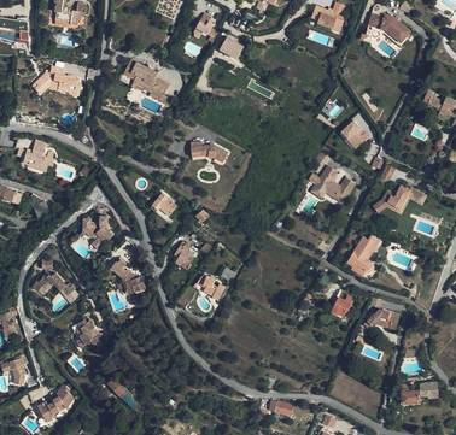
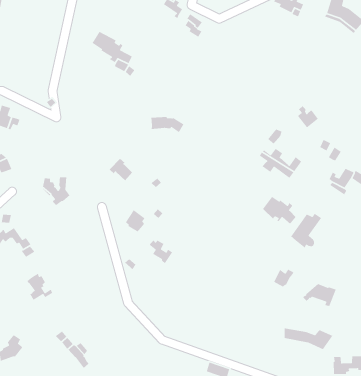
building: [37,65,76,93] -> none
building: none -> [262,196,296,225]
building: [110,258,145,295] -> none
building: none -> [284,327,333,350]

